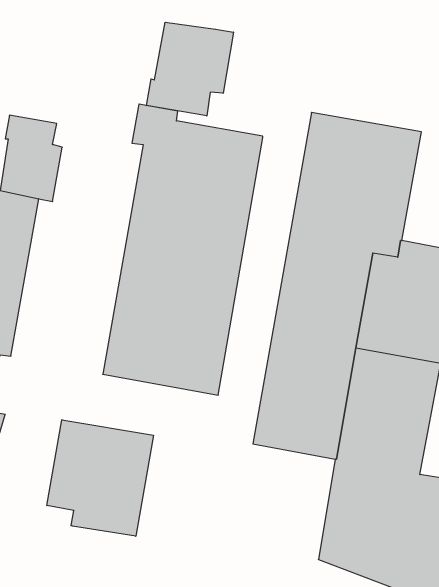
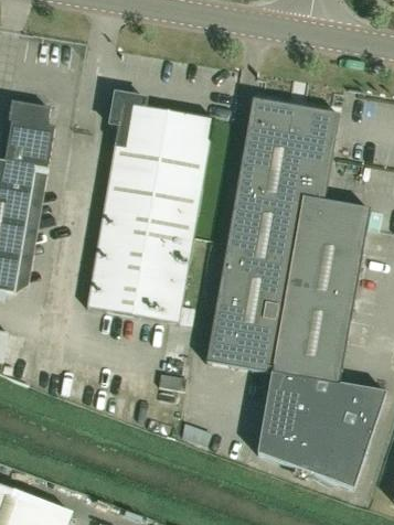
building: [146,22,233,116] -> none
building: [47,420,153,536] -> none

